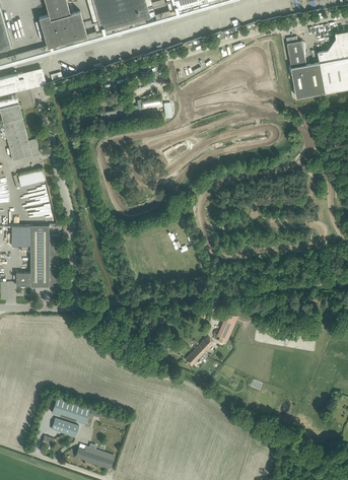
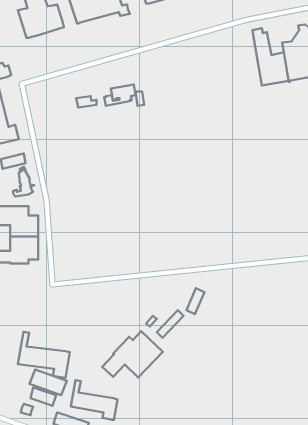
building: none -> [102,331,163,377]
building: none -> [18,332,70,378]
building: none -> [71,380,117,420]

